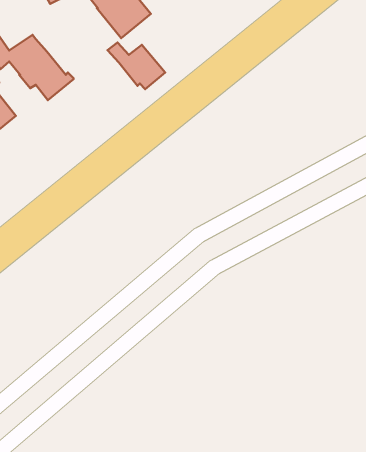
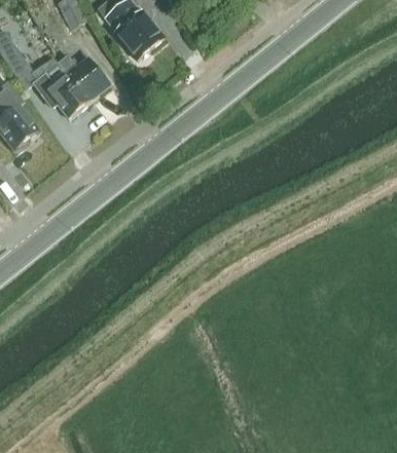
building: [108,43,165,89] -> [57,52,110,96]

